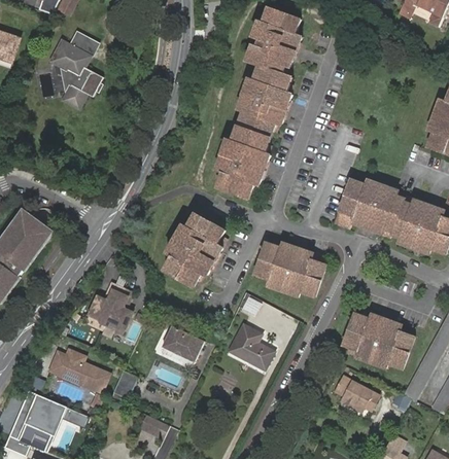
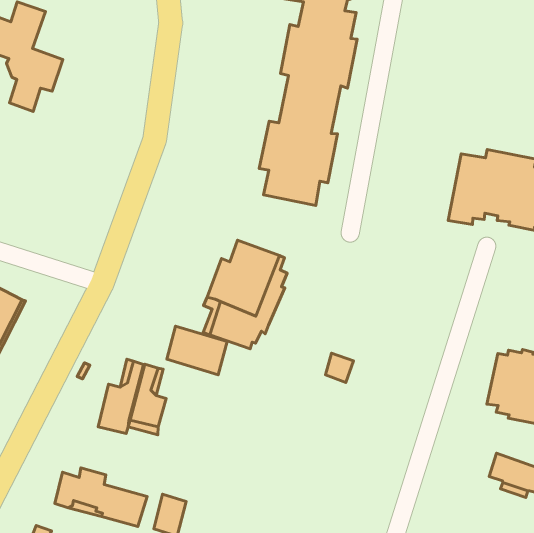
building: [255,243,325,296] -> none
building: [227,324,272,370] -> none
building: [161,325,202,361] -> [167,326,227,375]

